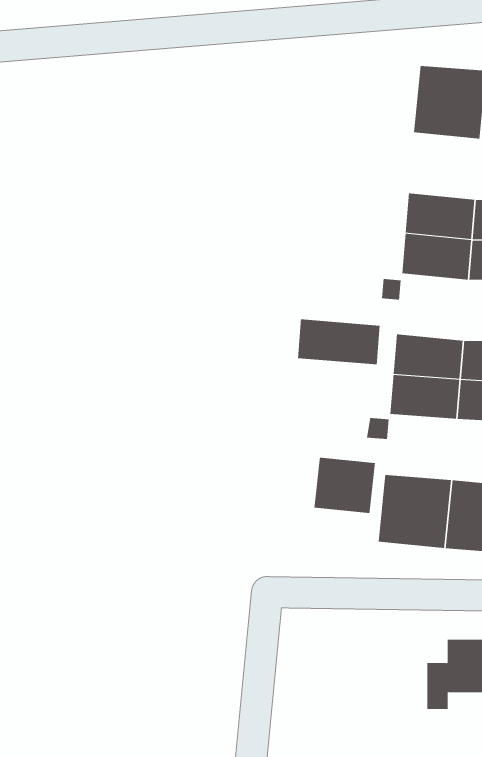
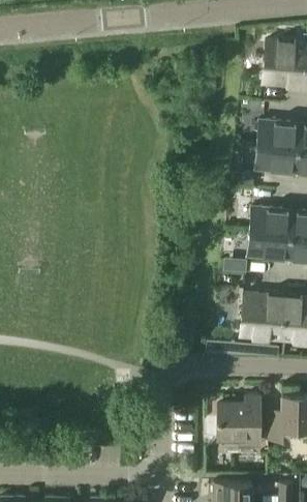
building: [298,318,380,365] -> none
building: [314,457,376,514] -> none
building: none -> [207,394,260,450]

